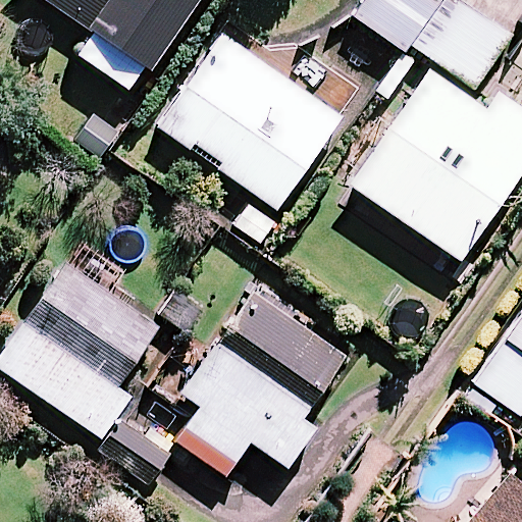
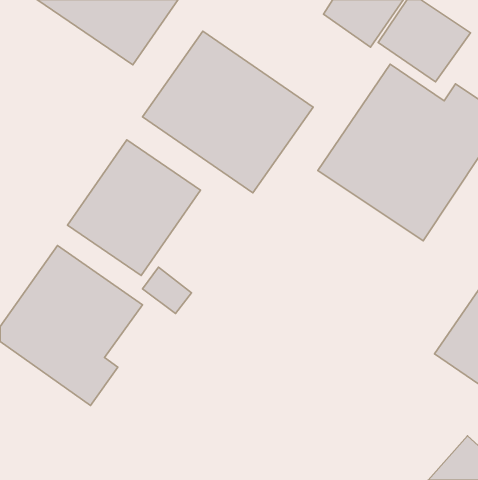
building: none -> [67,140,200,275]
building: [178,283,345,476] -> none

